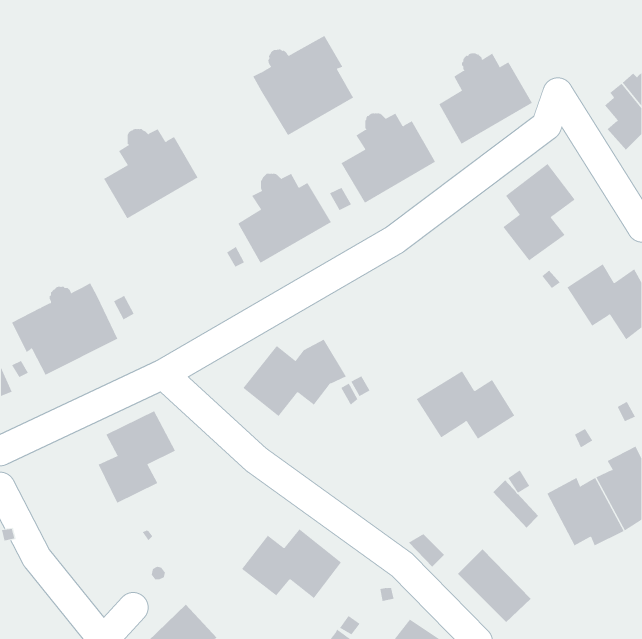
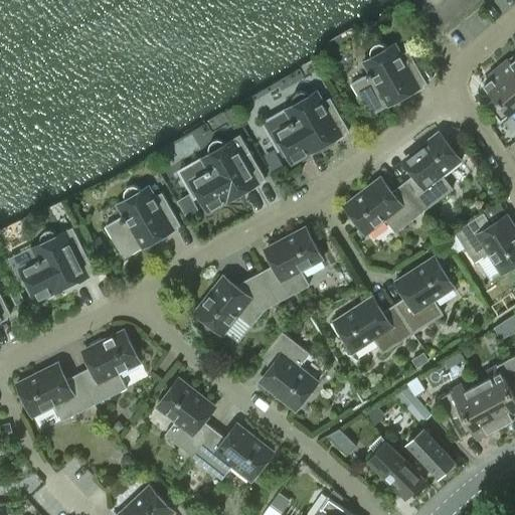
building: [253,35,354,136] -> none
building: [103,129,199,219] -> [105,187,181,260]
building: none -> [343,179,423,235]
building: none -> [260,227,323,304]
building: none -> [394,256,455,335]
building: none -> [260,332,318,411]
building: none -> [16,365,94,421]
building: none -> [156,378,214,458]
building: none -> [406,430,455,480]

